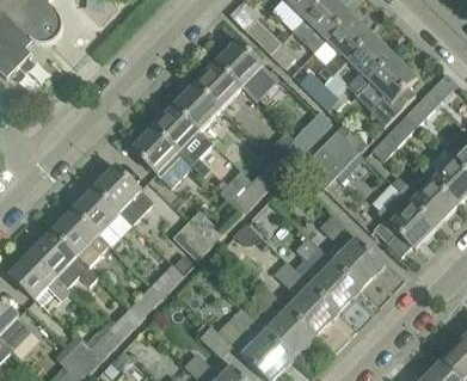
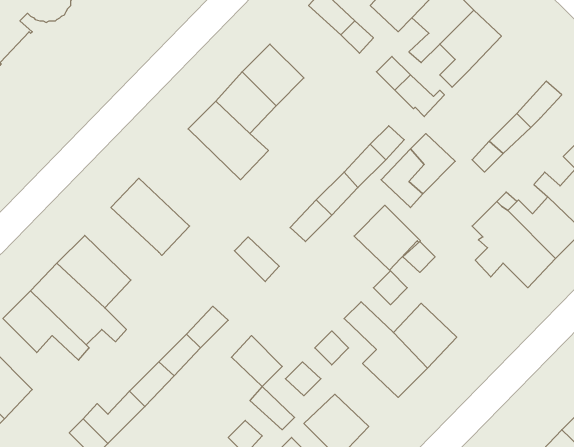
building: [215,37,276,100] -> none
building: [368,55,416,127] -> none
building: [130,127,192,188] -> none
building: [72,188,129,244] -> none
building: [172,221,211,260] -> [231,336,282,387]
building: [332,238,383,288] -> [354,205,420,270]
building: [265,308,314,357] -> none

